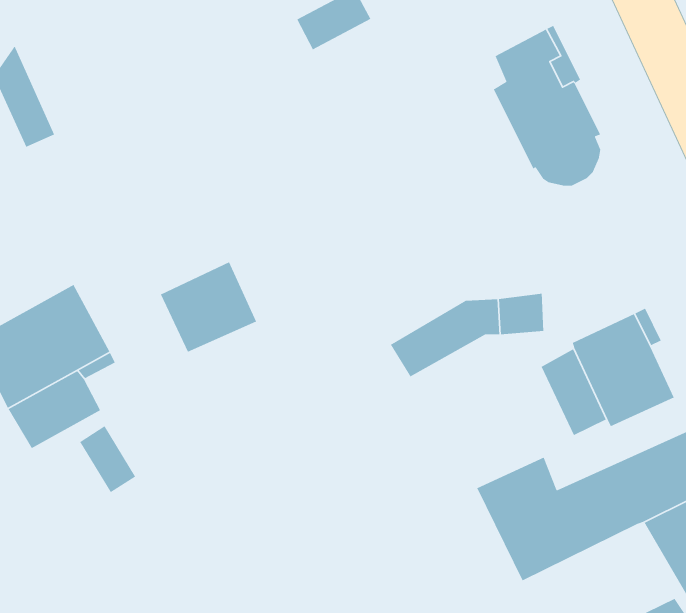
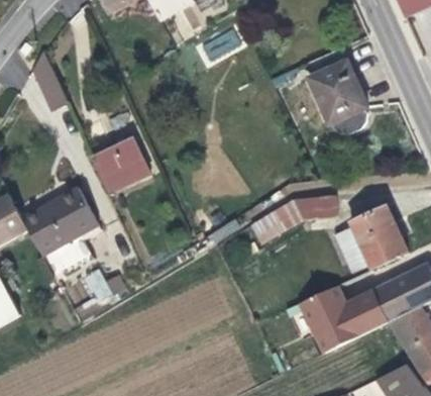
building: [160,261,257,353] -> [94,142,147,193]

